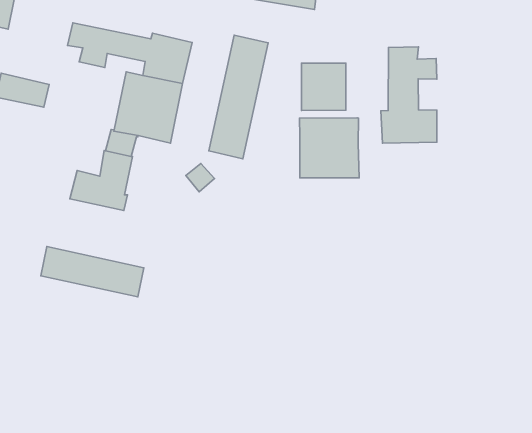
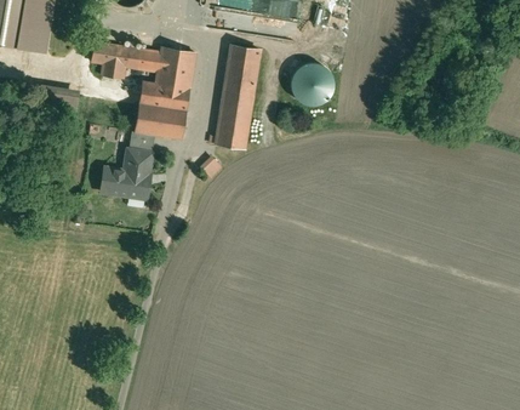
building: [381,47,437,143] -> none
building: [299,118,359,178] -> none
building: [41,247,144,297] -> none

